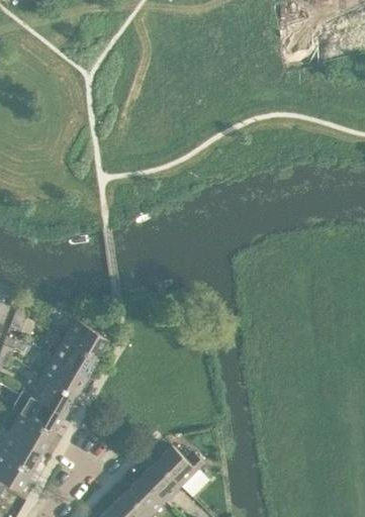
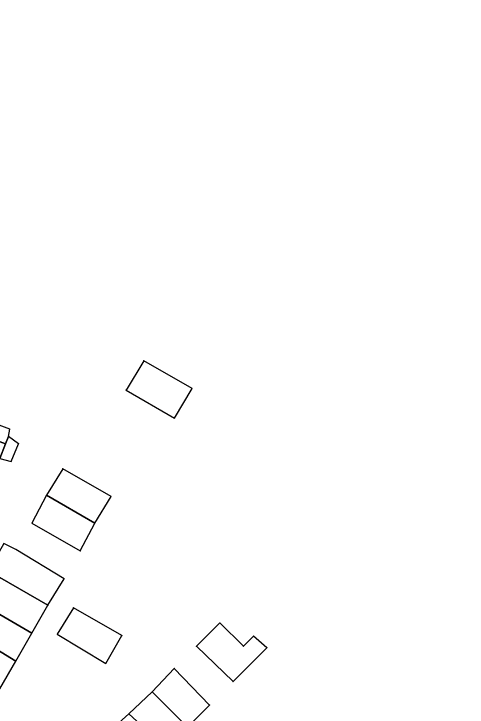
building: [63,319,108,358] -> [126,361,192,418]
building: [30,377,75,415] -> [57,608,122,663]
building: [140,461,180,502] -> none

